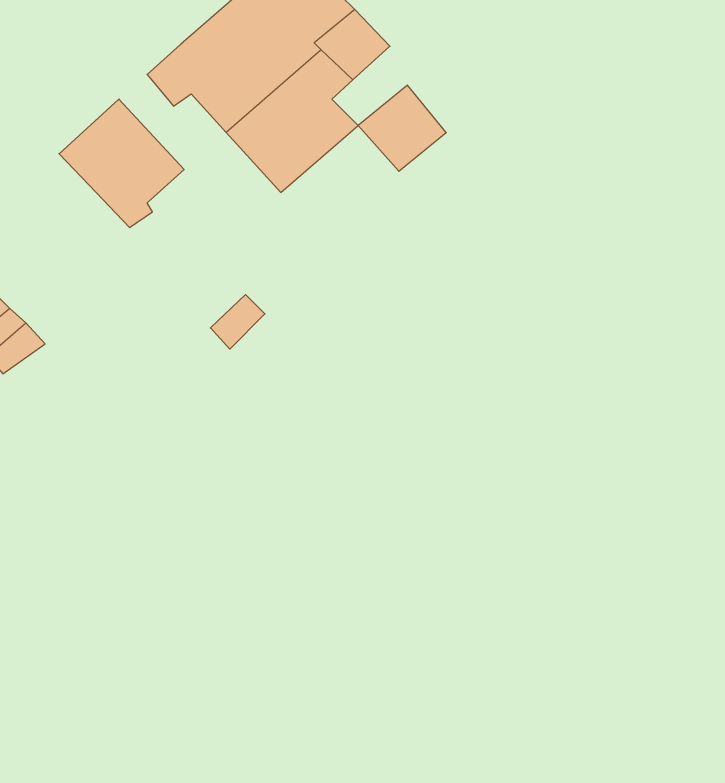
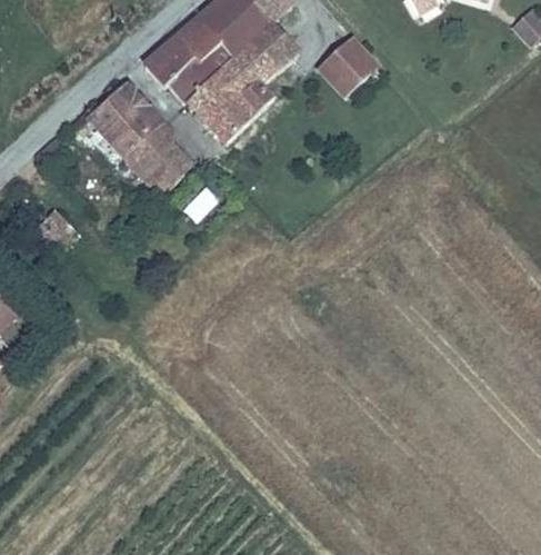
building: [358,85,446,171] -> [319,38,374,92]
building: none -> [127,121,193,197]

